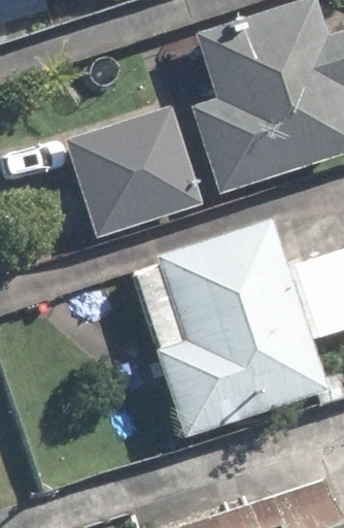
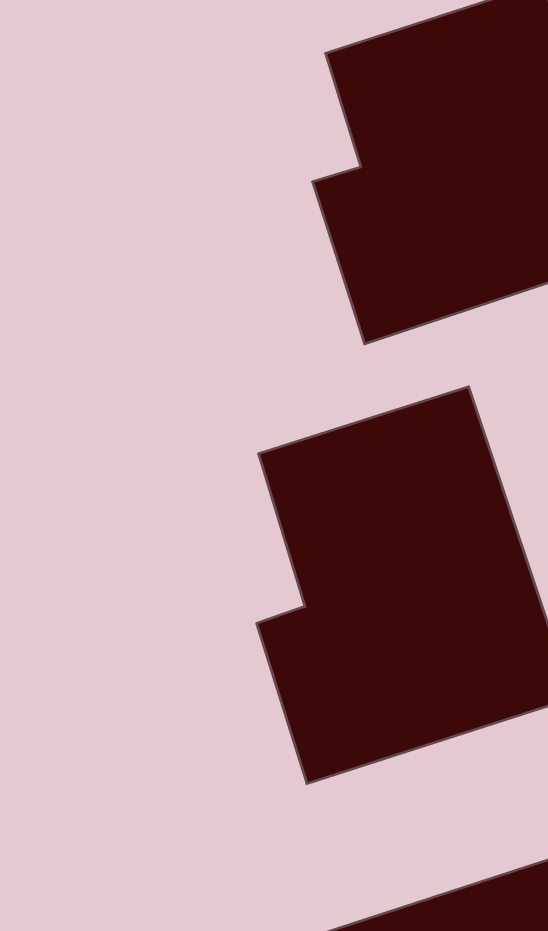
building: [66,103,203,236] -> none

